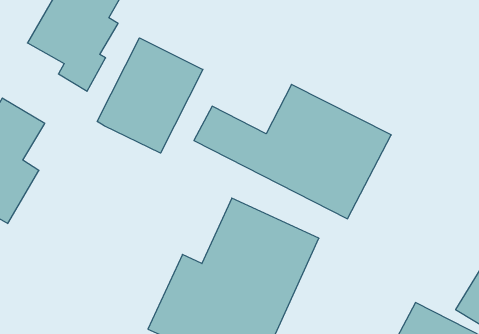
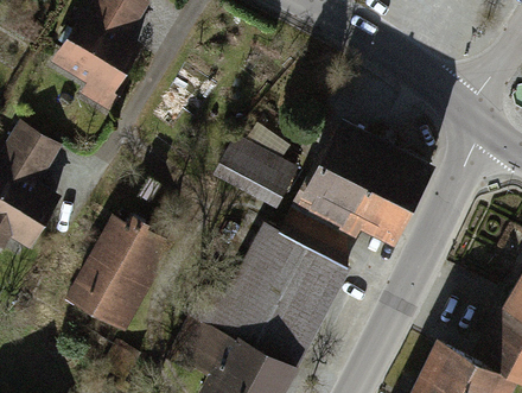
building: [97,38,203,153] -> none
building: none -> [61,211,173,338]

